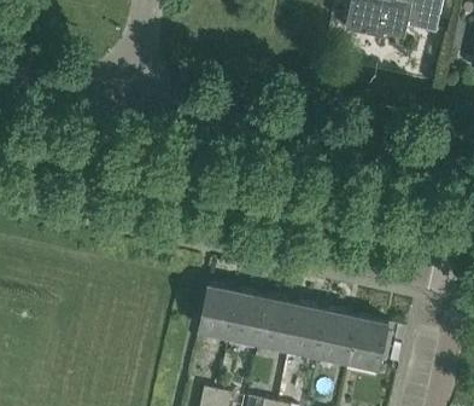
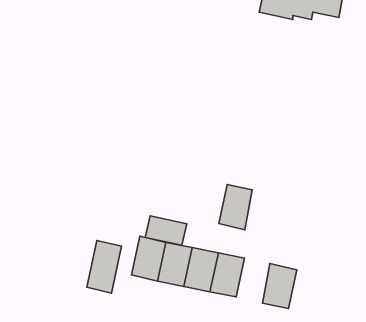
building: none -> [145,216,187,245]
building: none -> [87,240,122,293]
building: [318,311,357,362] -> [219,185,252,230]

